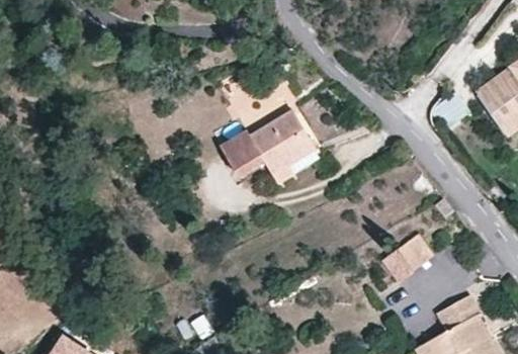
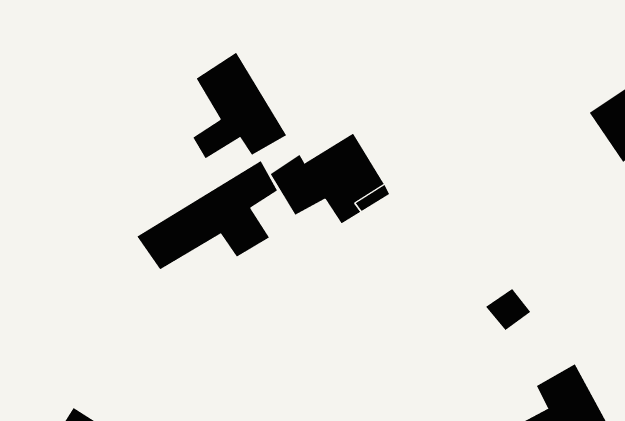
building: none -> [193,52,287,159]
building: none -> [137,160,278,270]

